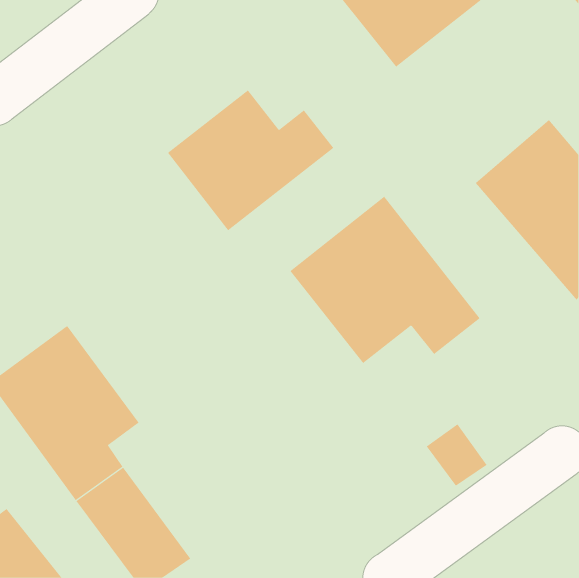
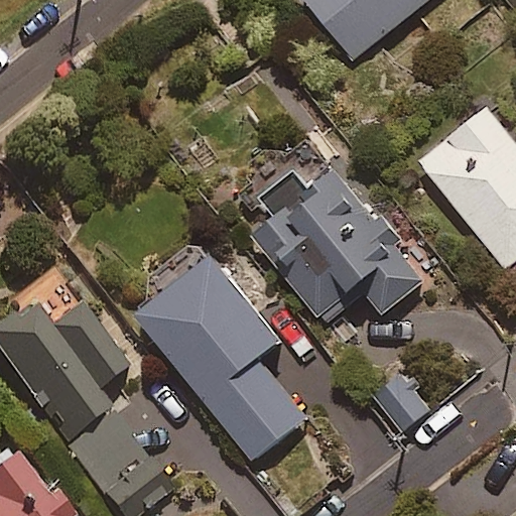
building: [167,89,334,231] -> none
building: none -> [139,258,304,461]

